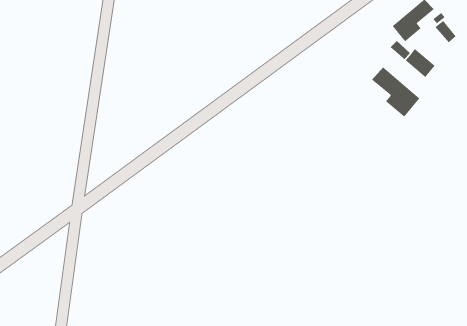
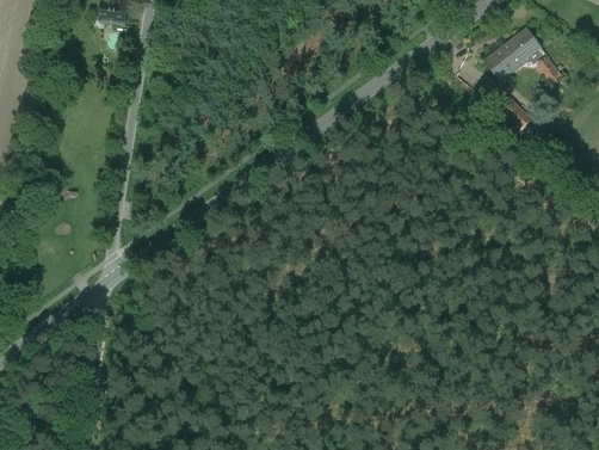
building: [371,66,420,117] -> none

